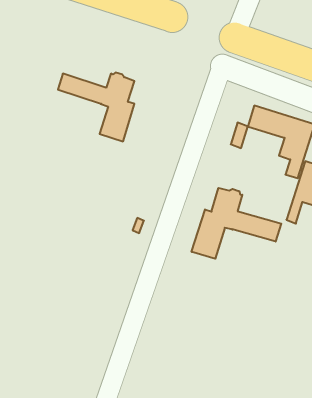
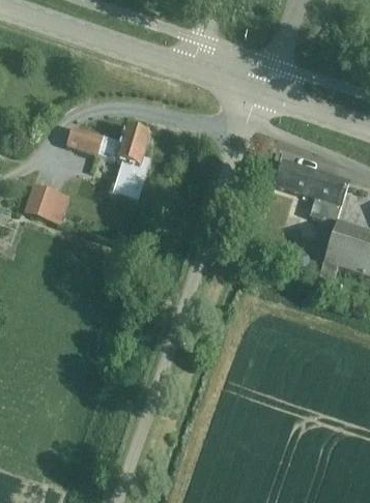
building: none -> [26,183,58,217]
building: [192,188,281,259] -> none

